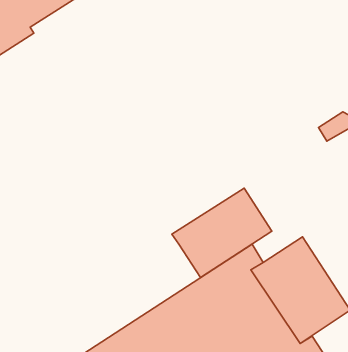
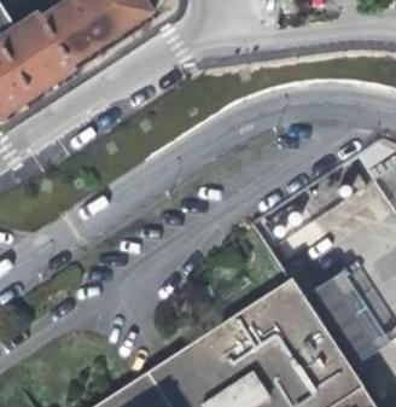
building: [172,188,272,278] -> none

